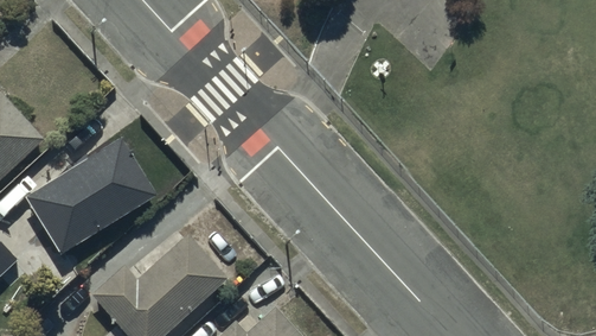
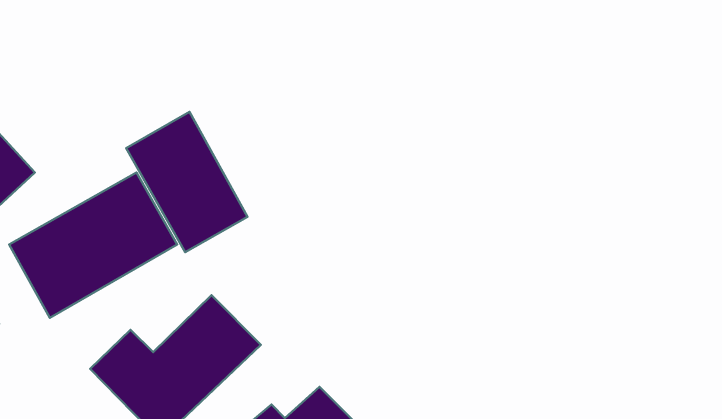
building: none -> [126,112,248,252]

